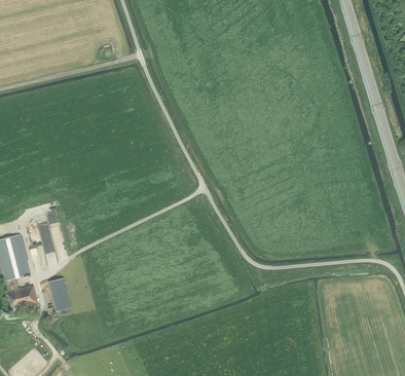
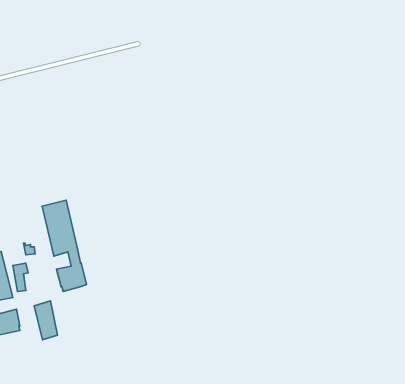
building: none -> [42,200,87,292]

